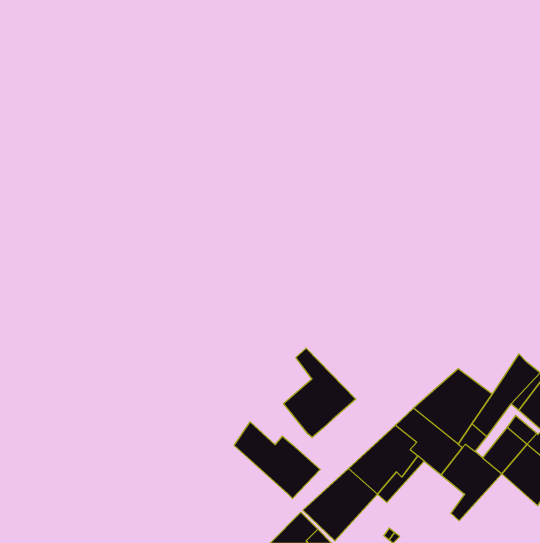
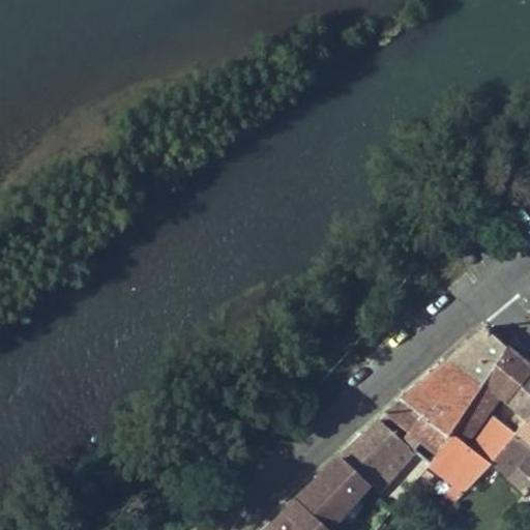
building: none -> [449,326,508,384]
building: [284,348,356,438] -> none
building: [234,422,320,498] -> none

